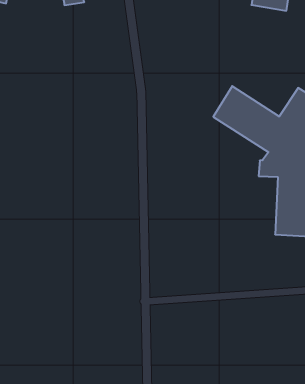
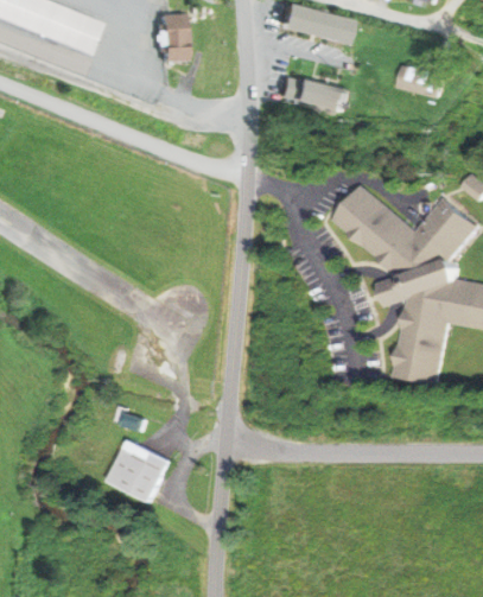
building: none -> [278,76,351,116]
building: none -> [108,439,170,502]

